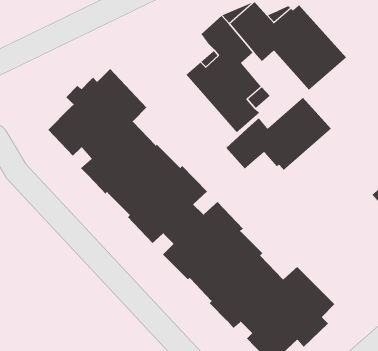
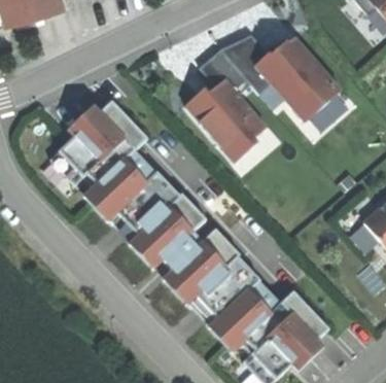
building: [225,97,332,171] -> none

